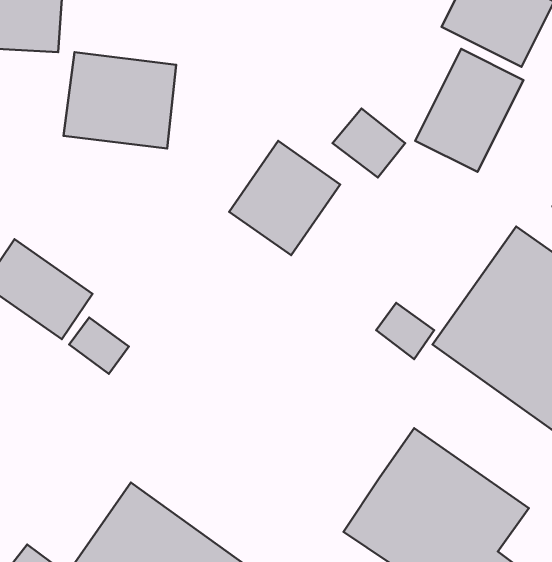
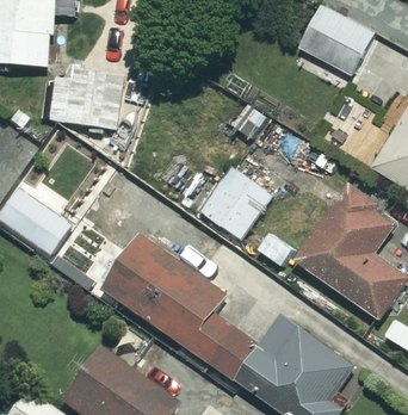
building: [415,49,524,172] -> none
building: [229,141,340,255] -> [199,166,272,241]
building: none -> [101,233,258,380]

